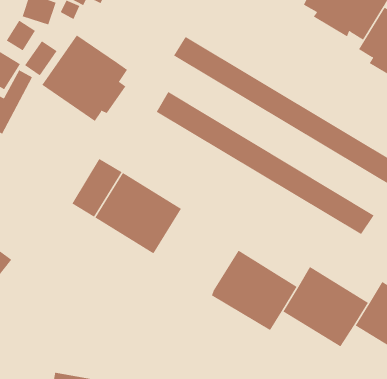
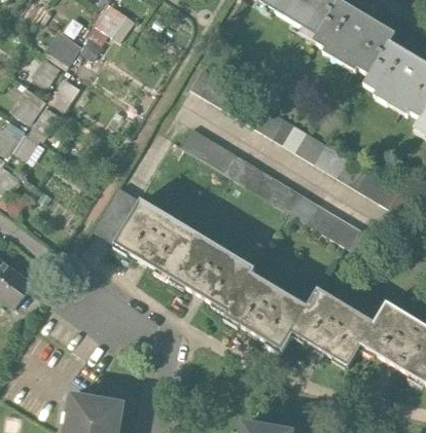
building: [42,35,128,122] -> none
building: none -> [171,236,254,313]

